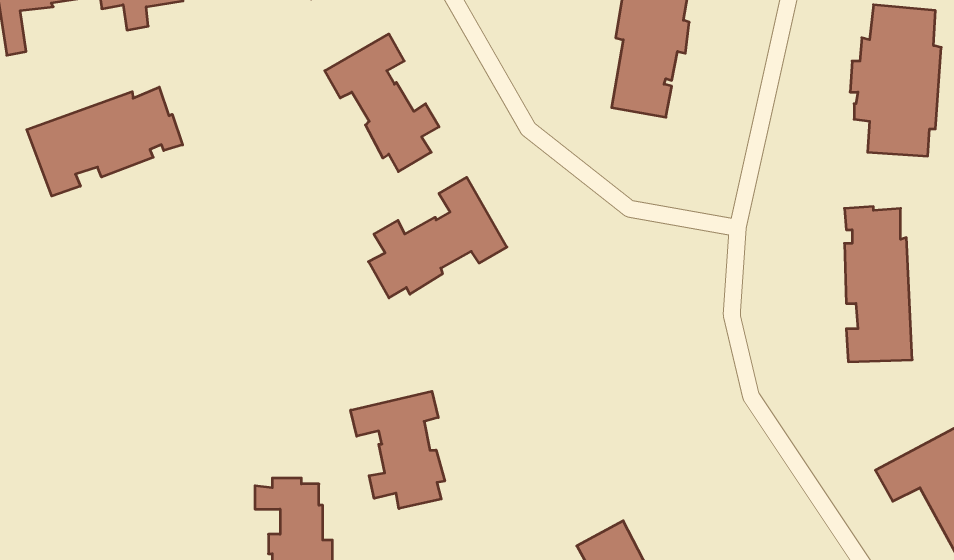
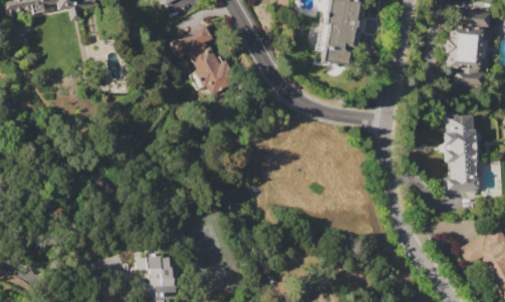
building: [27,87,183,196] -> none
building: [368,177,507,298] -> none
building: [351,391,445,509] -> none

